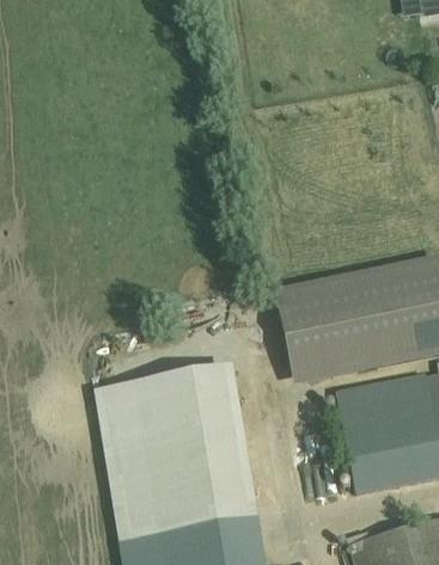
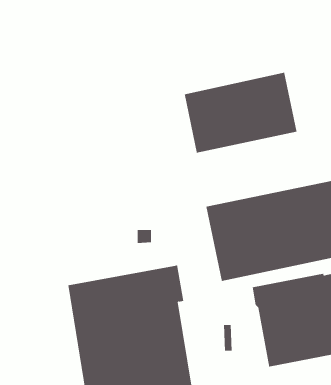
building: none -> [184,72,297,153]

